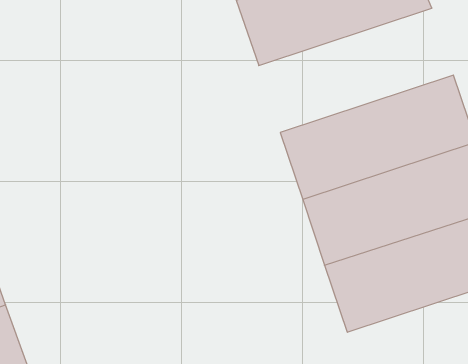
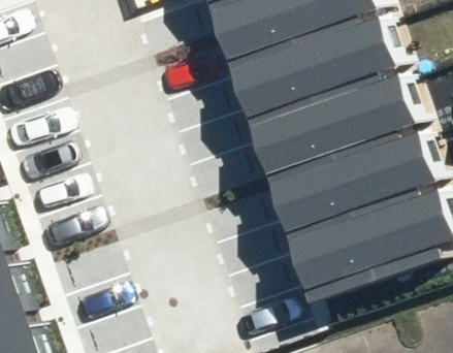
building: none -> [240,21,409,128]

